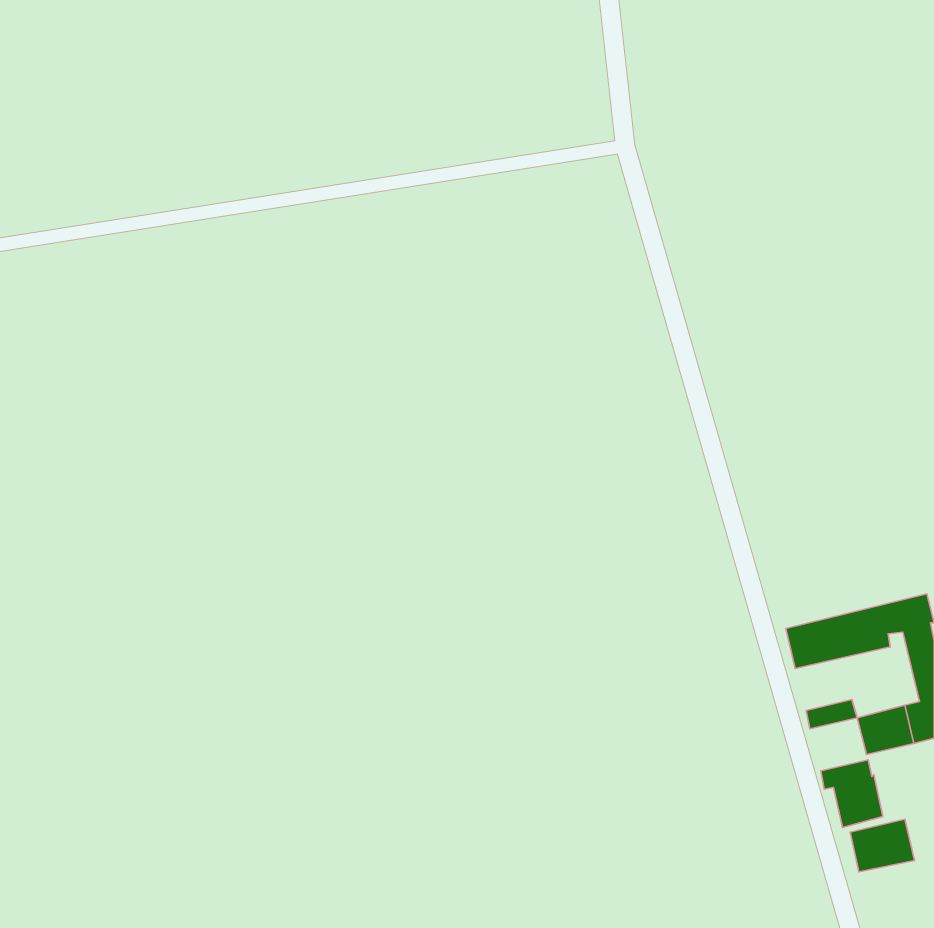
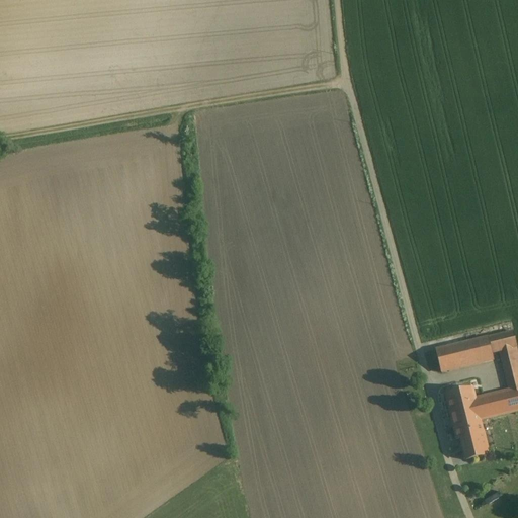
building: none -> [448,398,481,427]
building: [850,819,914,872] -> none

